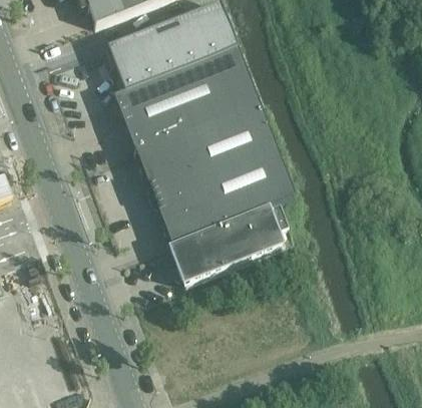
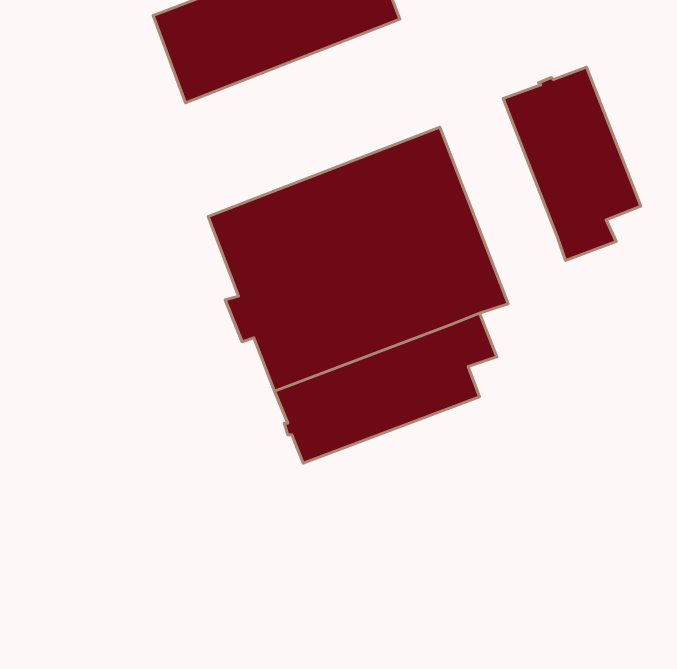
building: [114,45,259,149] -> none
building: none -> [503,67,641,260]

